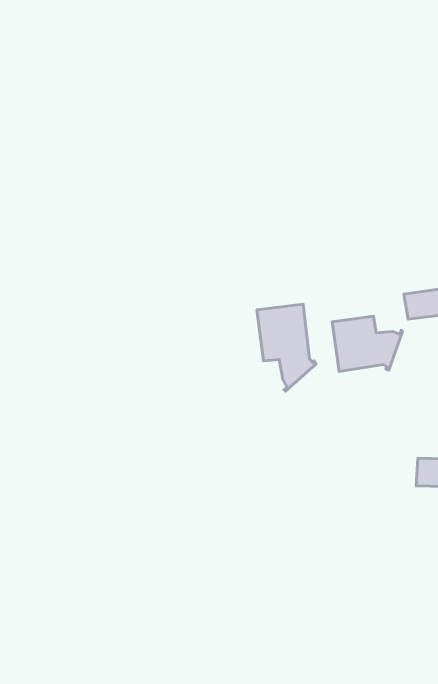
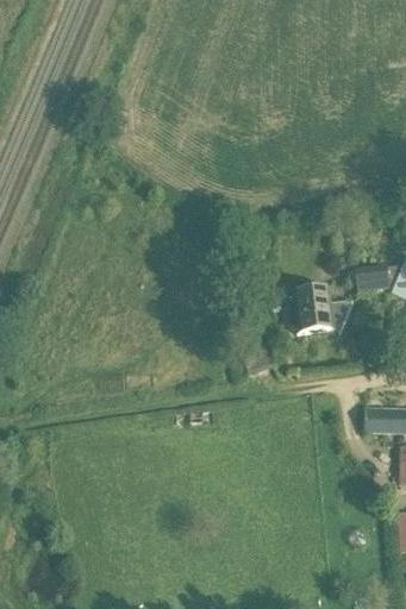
building: [257,304,316,391] -> none

